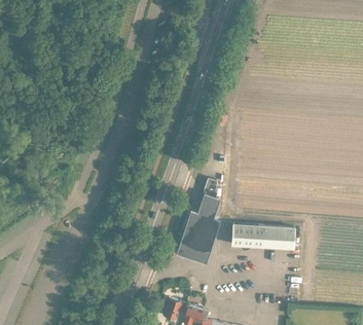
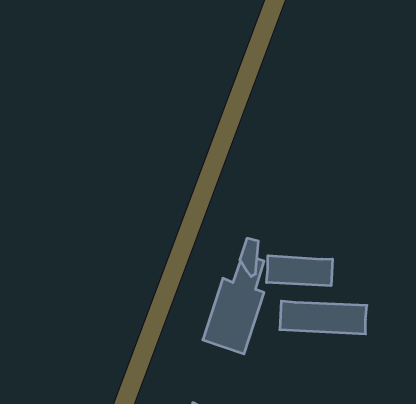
building: none -> [267,256,332,286]

